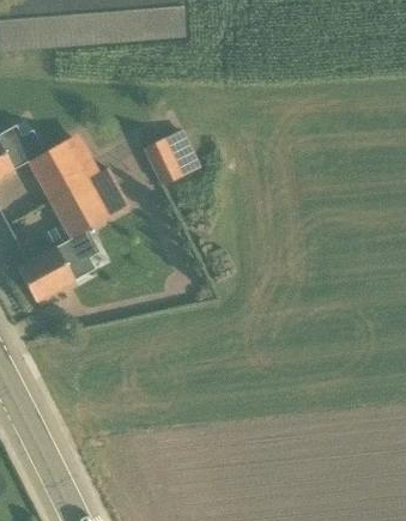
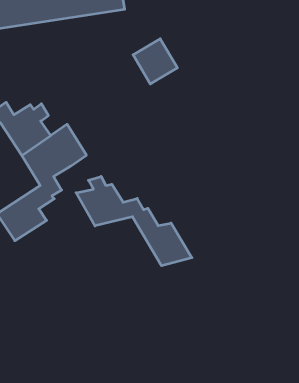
building: [144,133,195,186] -> [133,39,177,84]
building: none -> [76,176,192,266]

